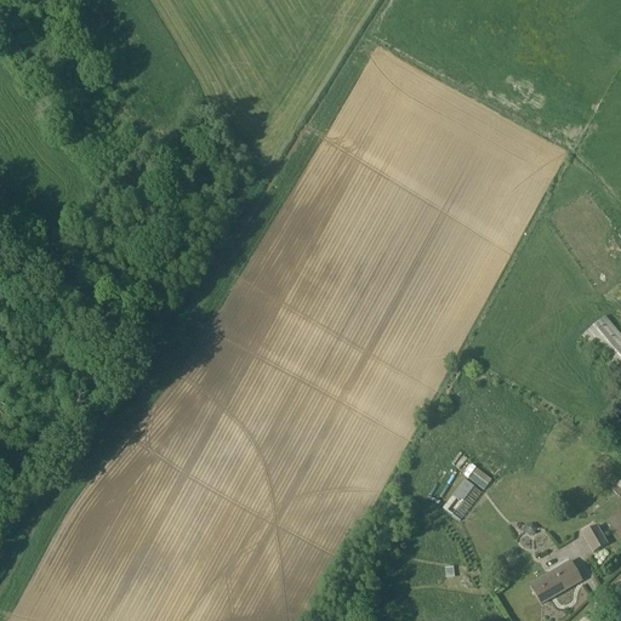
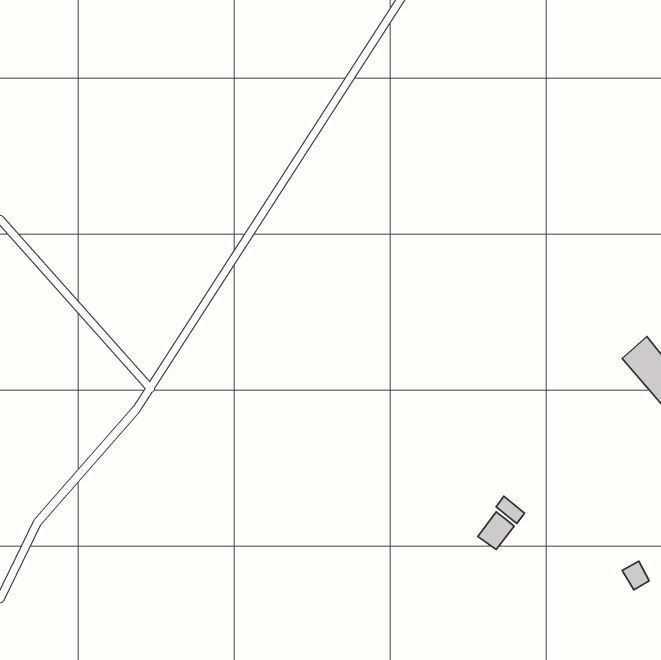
building: [531,559,583,603] -> none

